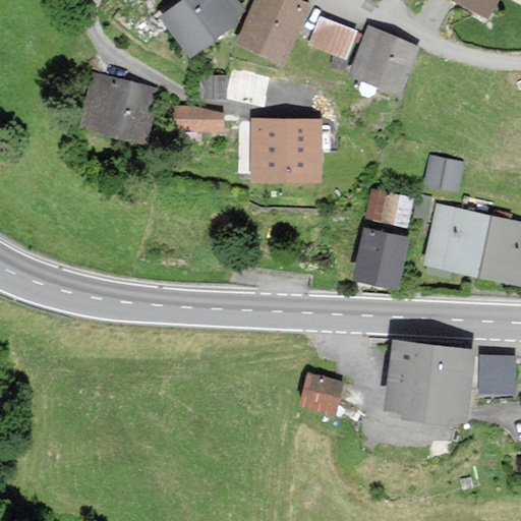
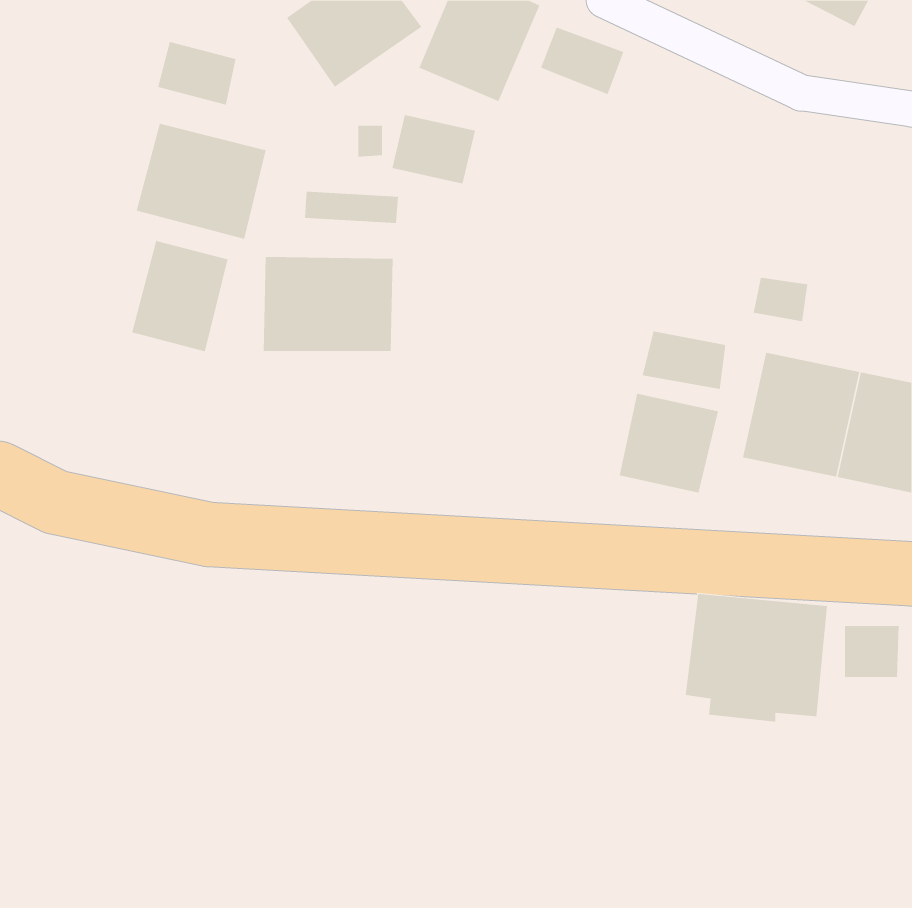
building: none -> [157,41,236,106]
building: [350,30,418,95] -> none
building: [249,120,324,174] -> [263,257,393,351]
building: none -> [131,240,228,352]
building: [302,373,342,410] -> none

